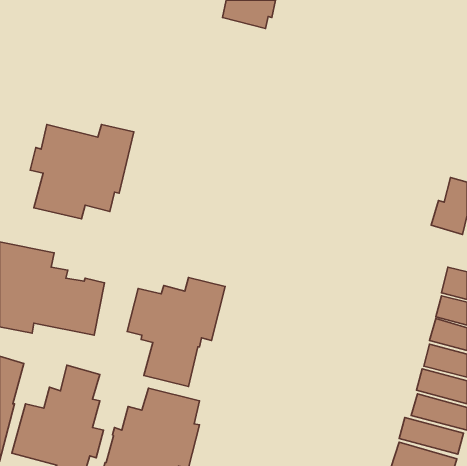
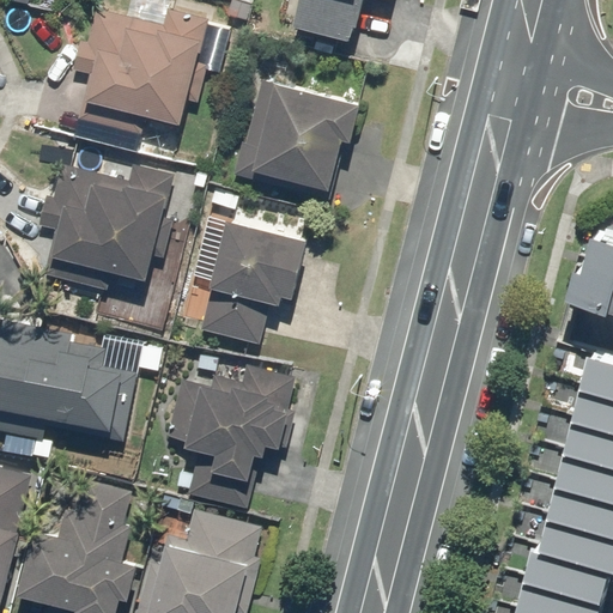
building: none -> [73,10,208,134]
building: none -> [233,80,358,199]
building: none -> [201,220,305,344]

